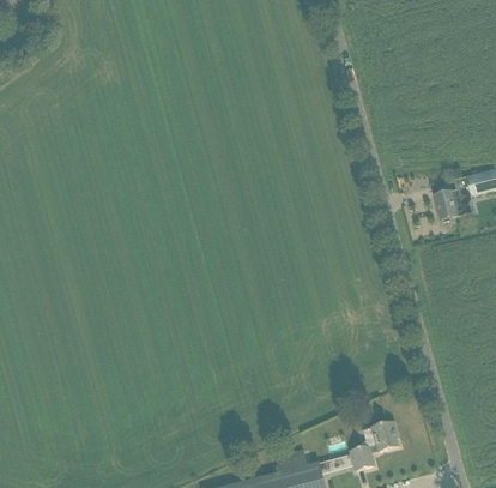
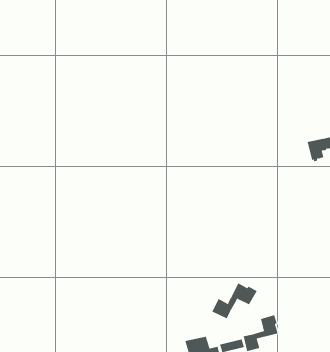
building: none -> [211,282,258,319]

